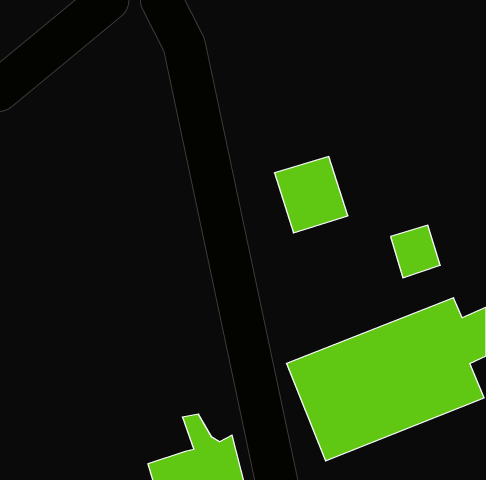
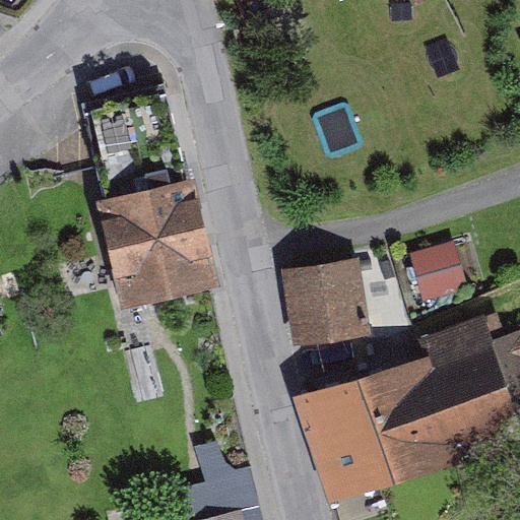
building: [274,157,348,233] -> [288,256,367,337]
building: none -> [98,179,208,310]

